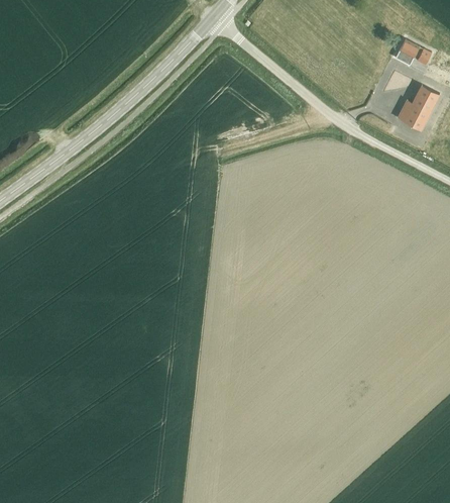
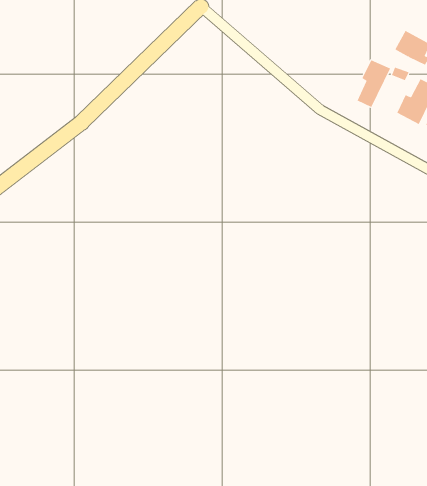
building: none -> [357,59,391,108]

